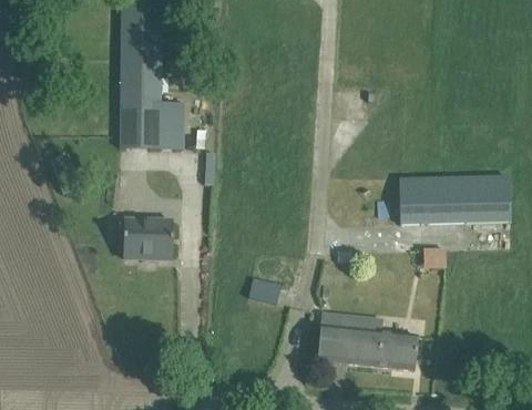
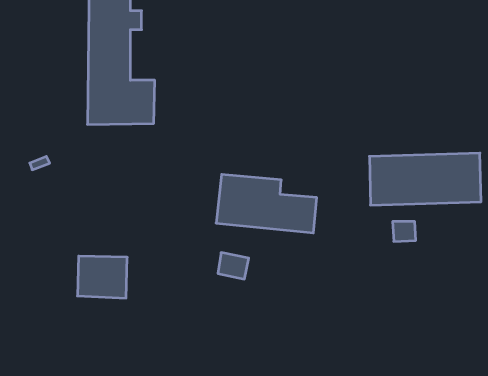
building: [123,217,173,259] -> [77,256,127,298]
building: [317,311,418,370] -> [216,174,317,233]

